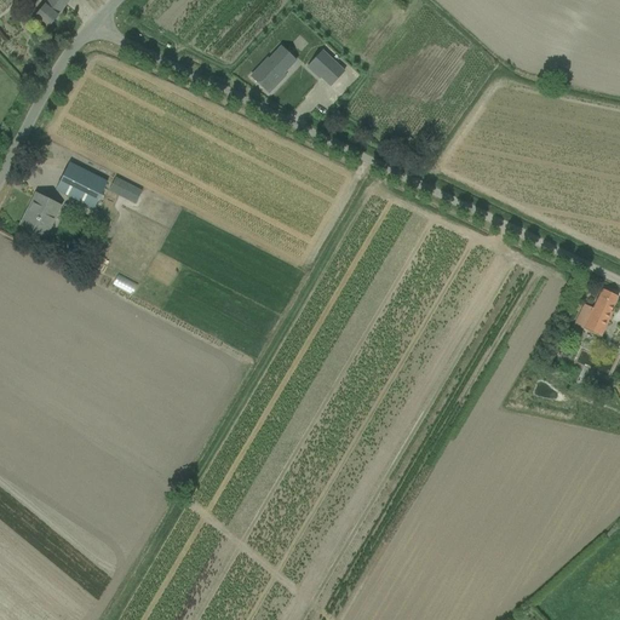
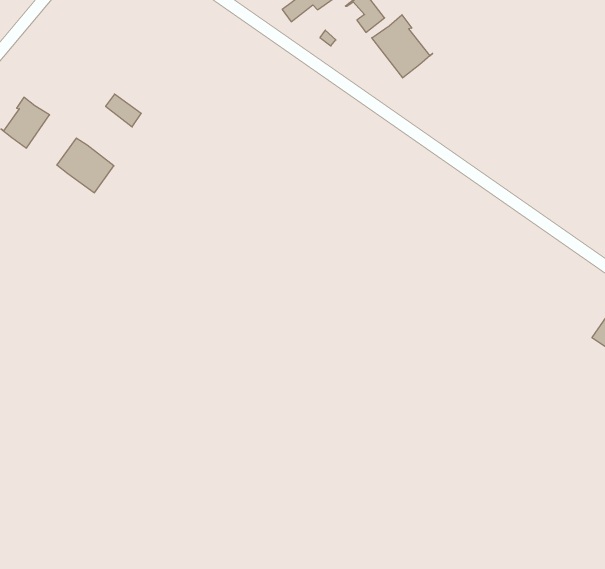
building: none -> [372,15,433,78]
building: [56,161,107,207] -> [57,138,114,193]

